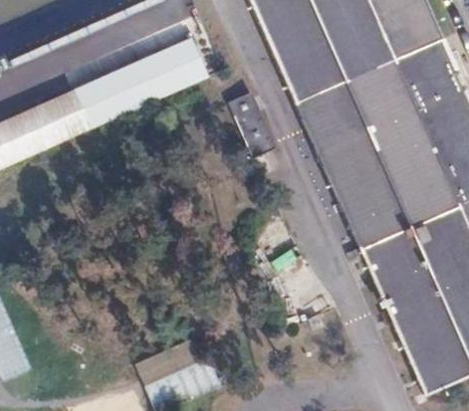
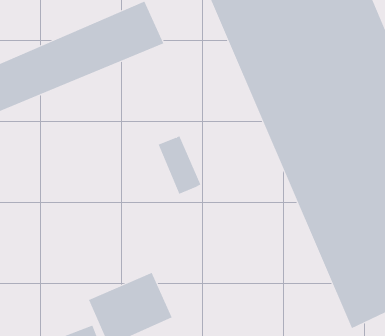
building: [232,88,279,153] -> [158,135,201,195]

